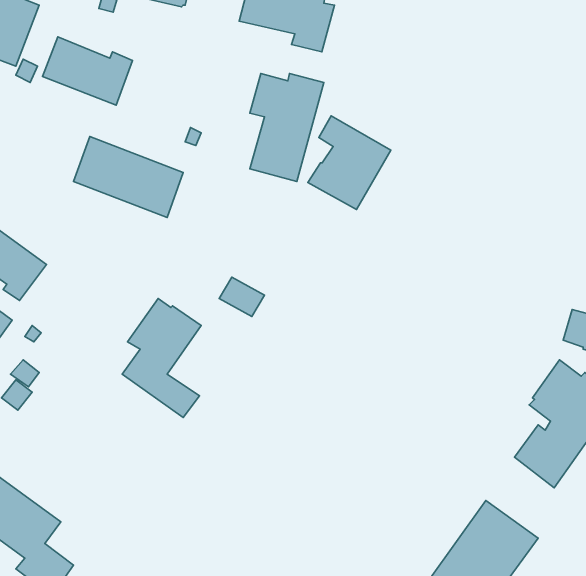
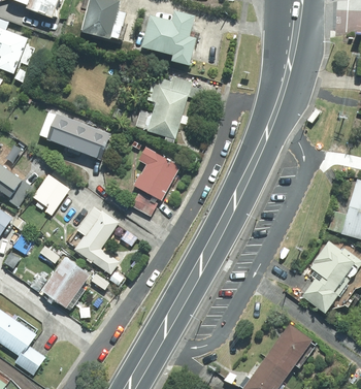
building: [42,37,133,105] -> none
building: [308,116,391,210] -> [133,147,180,200]
building: none -> [33,173,70,215]
building: none -> [43,256,92,306]

